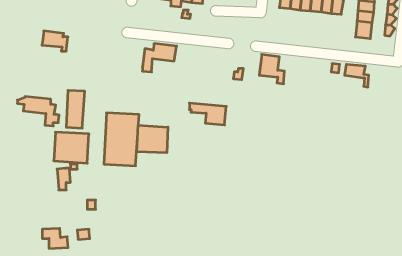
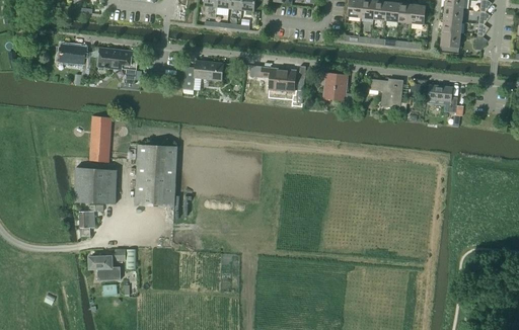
building: none -> [369,78,406,111]
building: [17,97,59,126] -> [91,48,142,83]
building: [189,103,226,125] -> [250,65,295,91]
building: [137,125,168,153] -> none
building: [42,228,68,248] -> [89,255,121,279]

